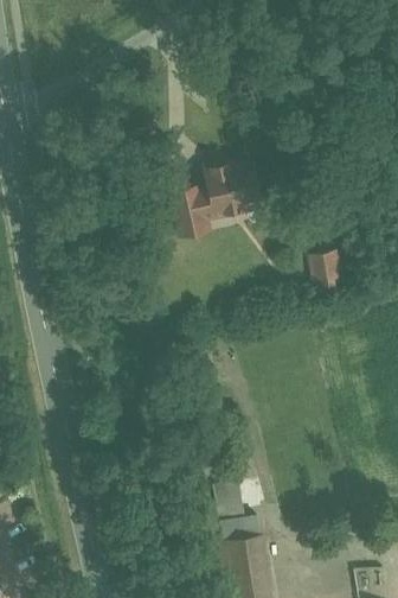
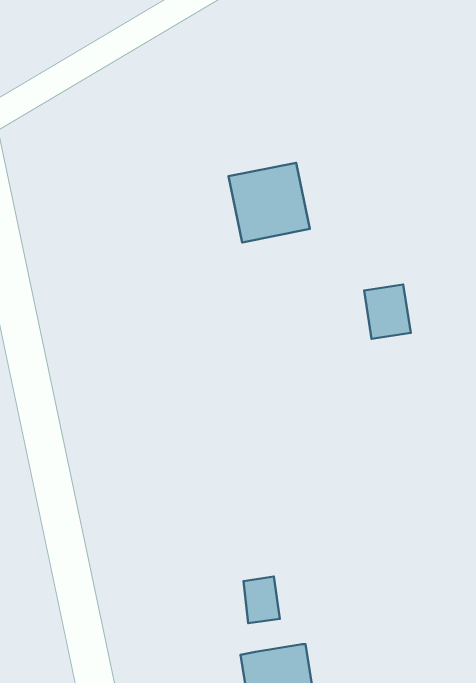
building: [167,184,214,238] -> none
building: [219,516,259,541] -> none

